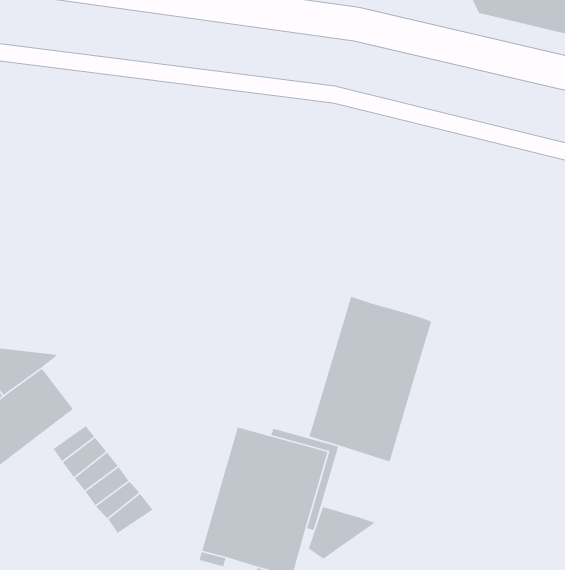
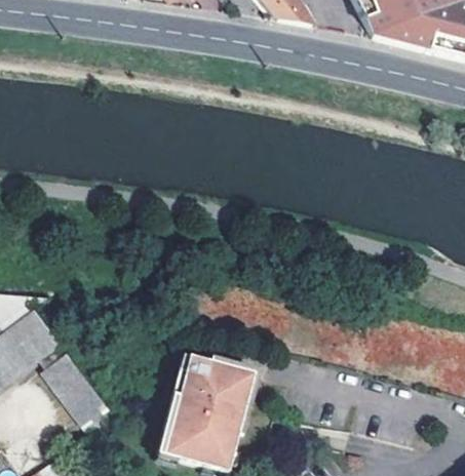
building: [309,296,432,462] -> none
building: [308,506,376,559] -> none

